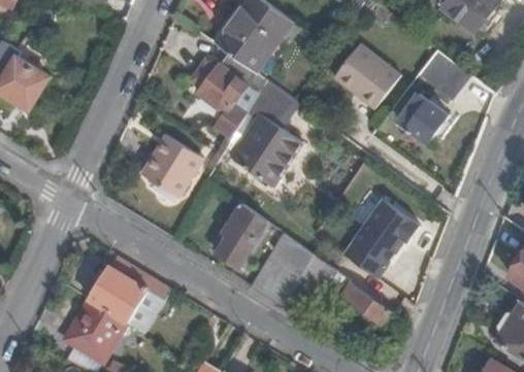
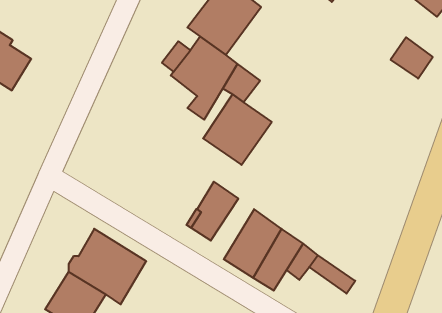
building: [332,44,398,109] -> none
building: [399,94,449,143] -> none
building: [142,136,202,198] -> none
building: [342,199,417,277] -> none

